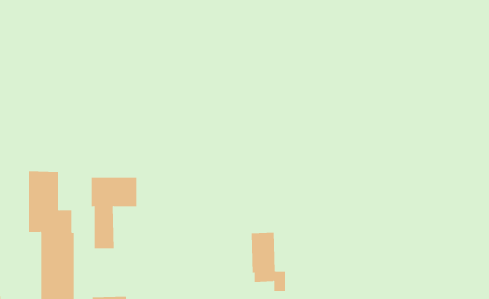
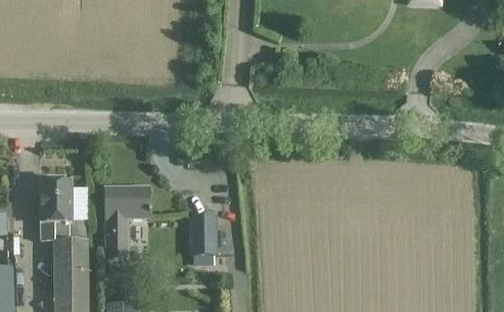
building: [251,232,286,292] -> [190,214,225,273]

